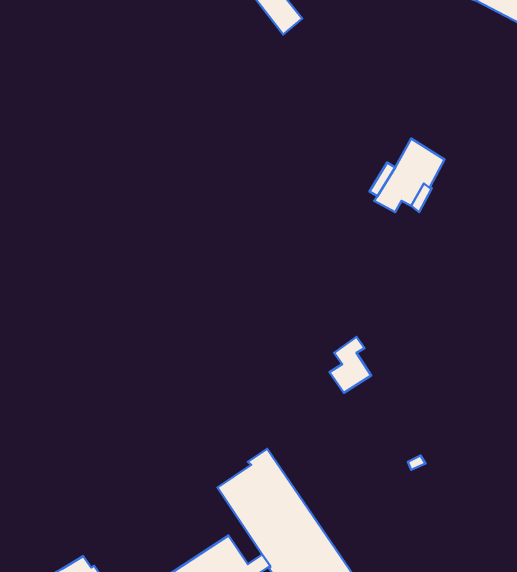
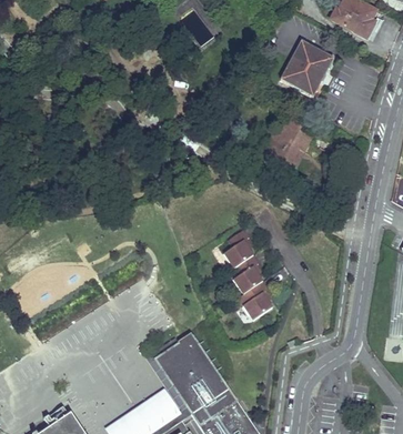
building: none -> [280,40,333,97]
building: none -> [223,229,252,268]
building: none -> [238,281,272,320]

